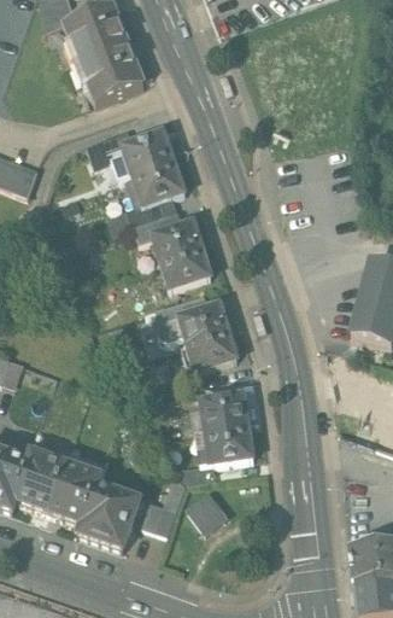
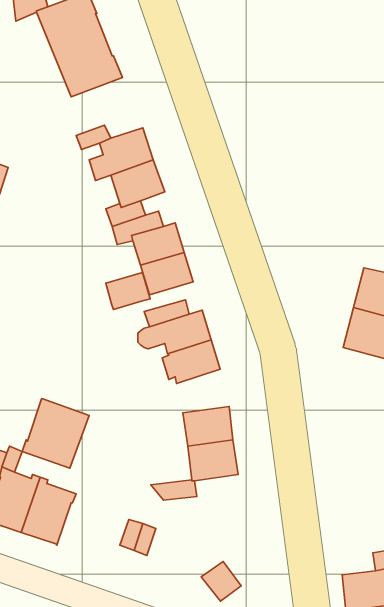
building: none -> [106,272,150,310]
building: [77,484,140,549] -> [22,399,89,468]
building: [187,492,224,530] -> [201,561,241,601]

